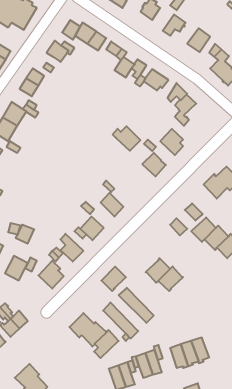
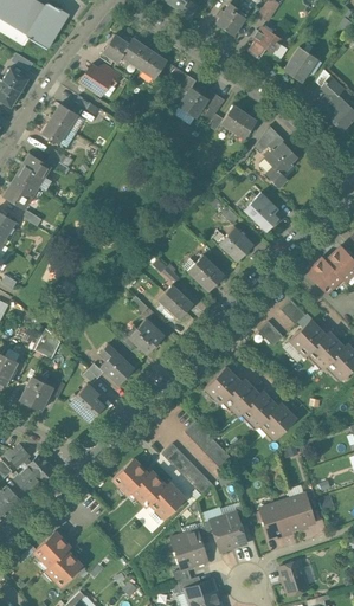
building: [113,126,140,151] -> [184,254,224,290]
building: [101,267,126,291] -> [206,367,242,402]
building: none -> [260,402,296,438]

